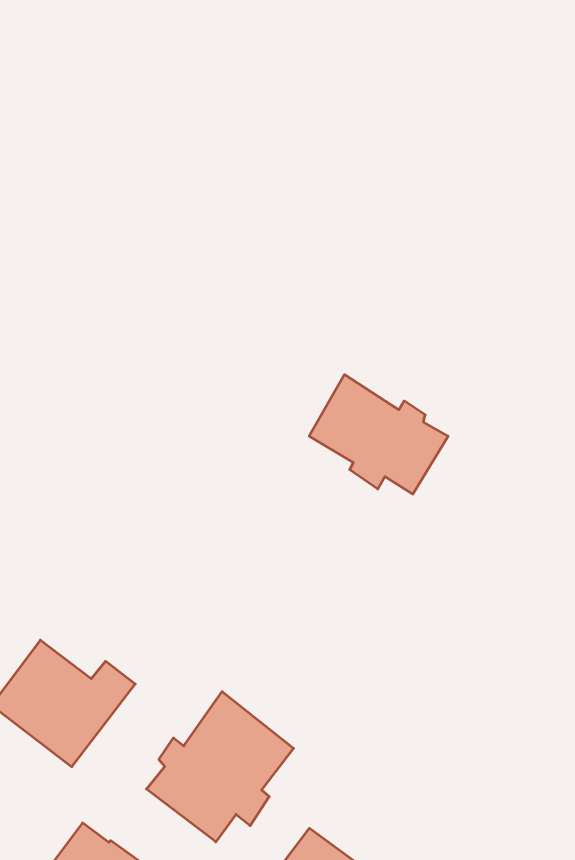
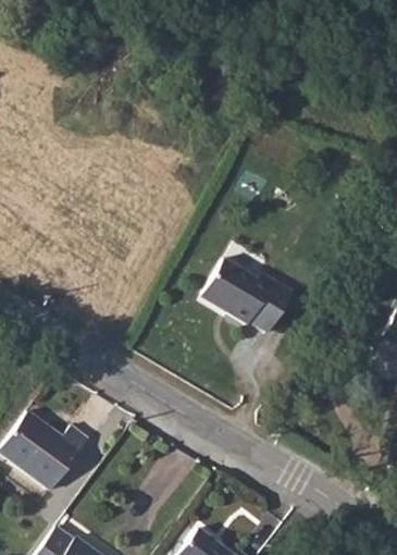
building: [146,692,294,842] -> none

